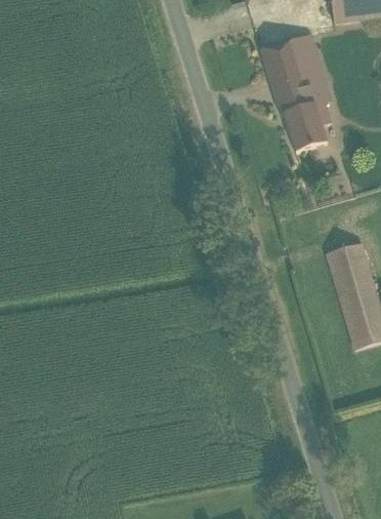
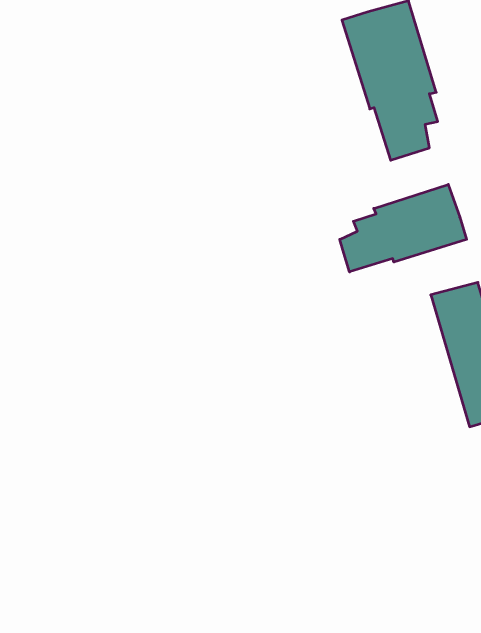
building: none -> [340,184,467,272]

